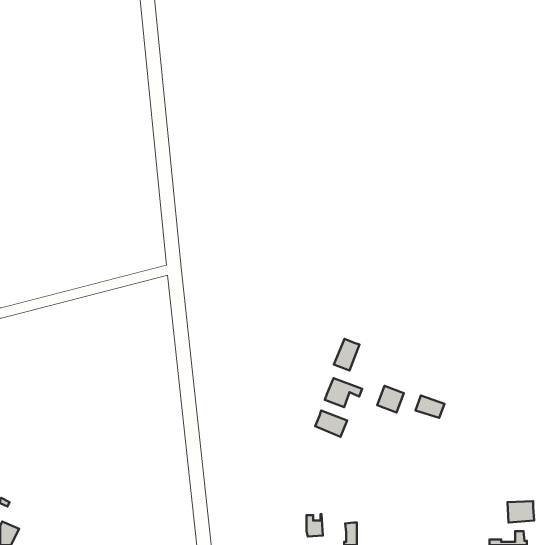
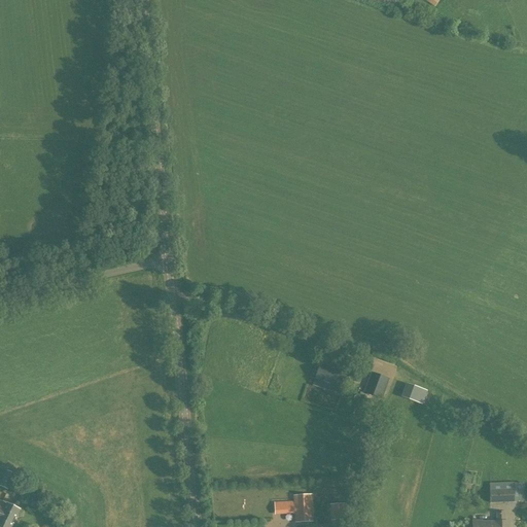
building: [334,339,359,371] -> none
building: [315,411,347,437] -> none

